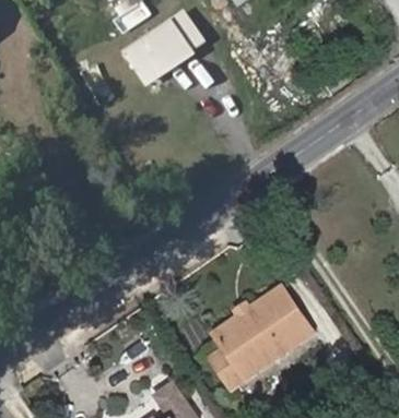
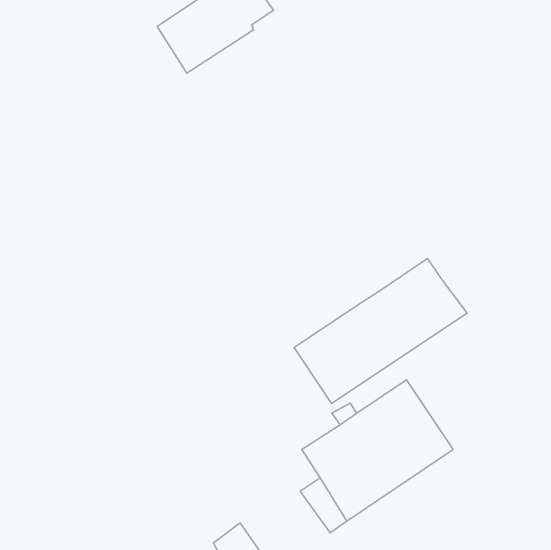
building: none -> [294,259,467,403]

